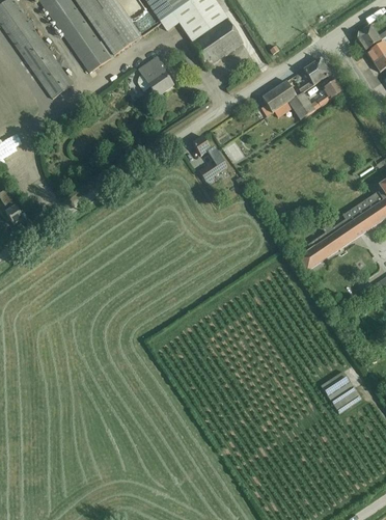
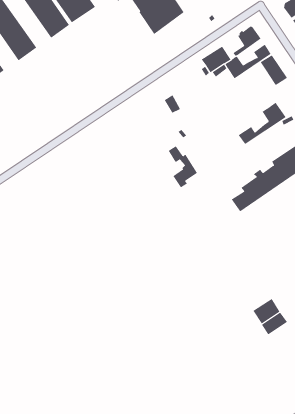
building: [137,55,173,94] -> none
building: none -> [260,54,288,86]
building: [193,135,227,184] -> [168,146,198,188]
building: none -> [238,102,286,145]

